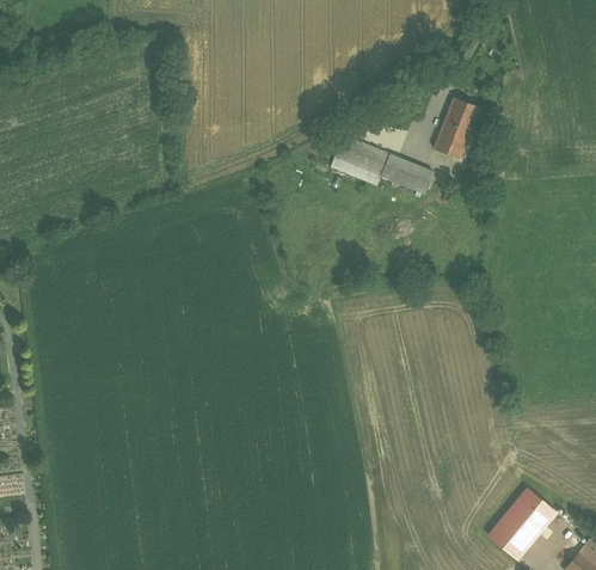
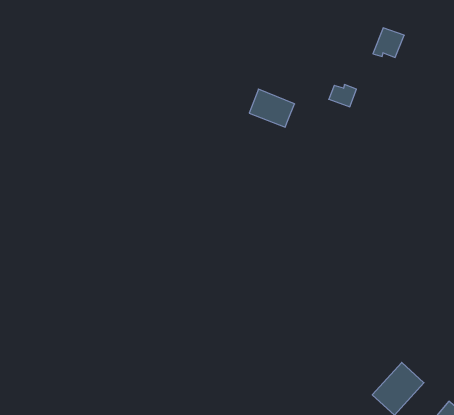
building: [440,97,480,135] -> [373,28,404,57]
building: [380,154,432,192] -> none

